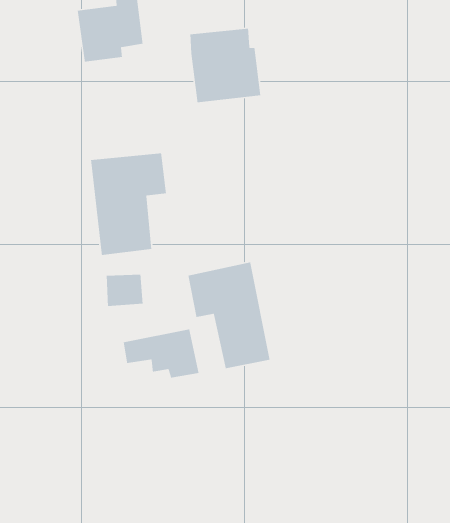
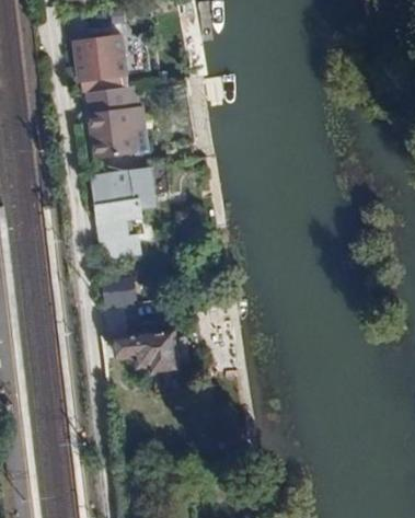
building: [189,28,261,103] -> [84,88,149,156]
building: [187,262,271,369] -> none

